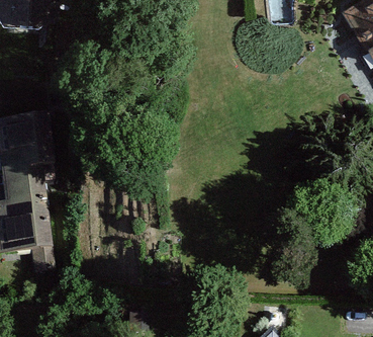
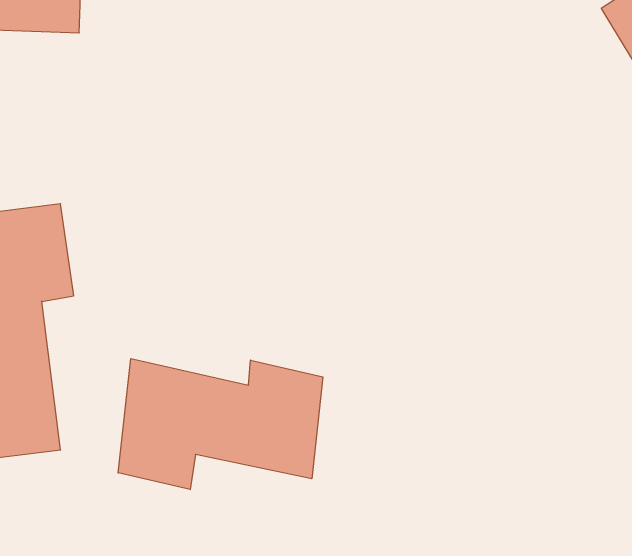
building: none -> [118,359,323,490]

